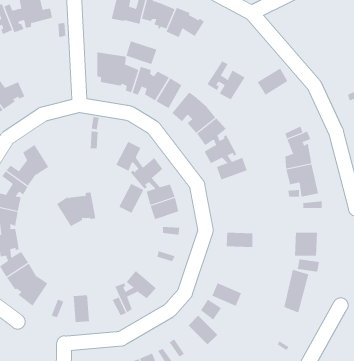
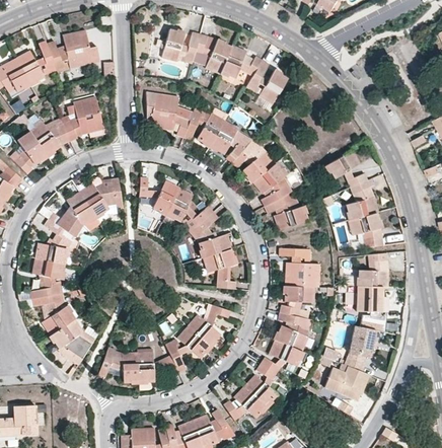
building: [126,40,157,65] -> none
building: none -> [63,97,103,141]
building: [207,60,246,100] -> [245,61,287,103]
building: [257,68,288,95] -> [326,149,360,178]
building: [119,183,144,213] -> [152,181,179,214]
building: [56,192,96,227] -> [80,178,123,216]
building: none -> [279,248,319,287]
building: none -> [358,270,388,287]
building: none -> [275,304,310,351]
building: none -> [188,314,219,346]
building: none -> [137,353,153,388]
building: none -> [323,366,368,402]
building: none -> [233,385,265,417]

